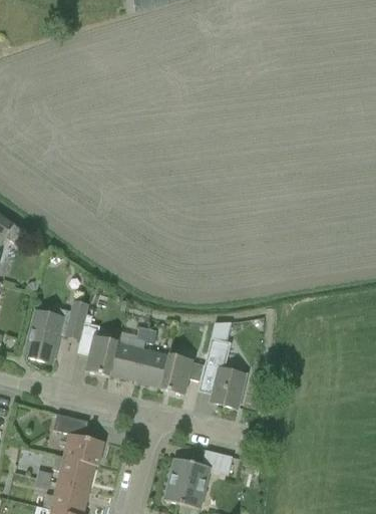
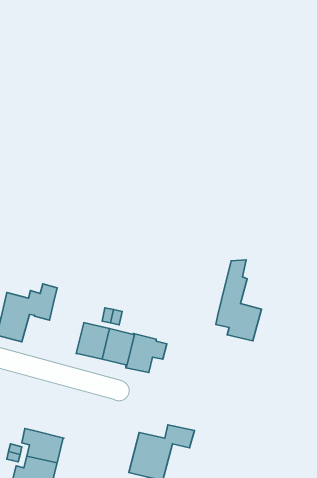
building: [78,321,118,376] -> none
building: [199,322,247,408] -> [216,260,262,341]
building: [54,414,105,465] -> none

